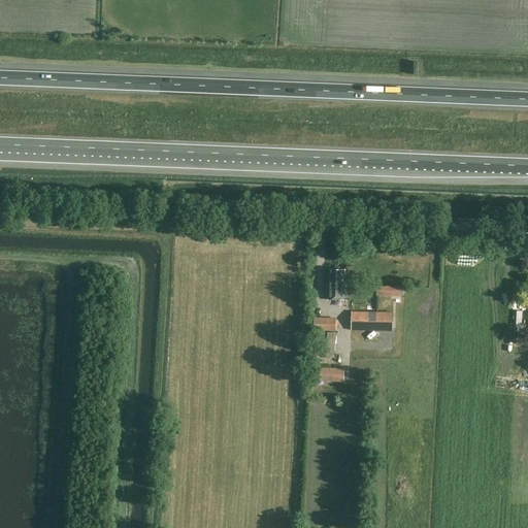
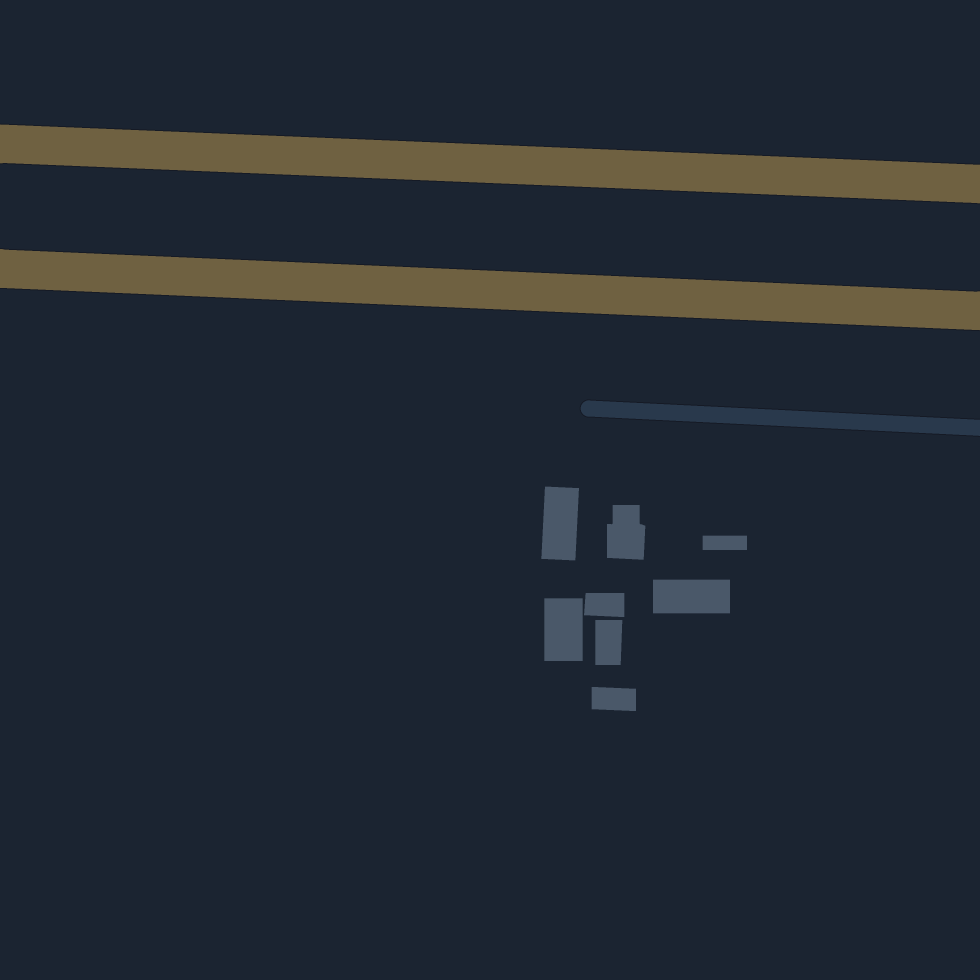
building: none -> [541,486,579,561]
building: none -> [544,598,583,662]

